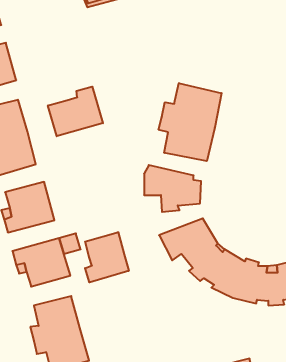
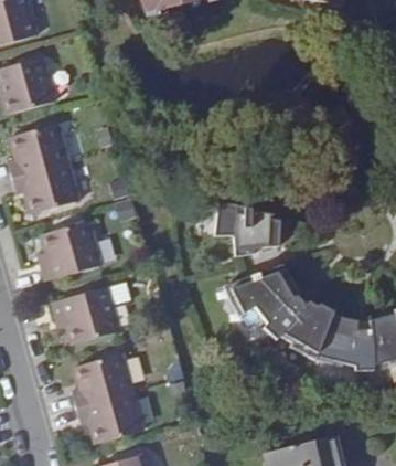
building: [159,83,222,161] -> none
building: [48,87,103,136] -> none
building: [85,232,129,282] -> none

